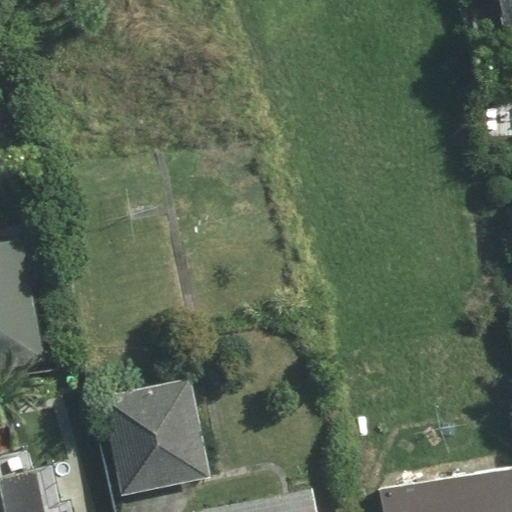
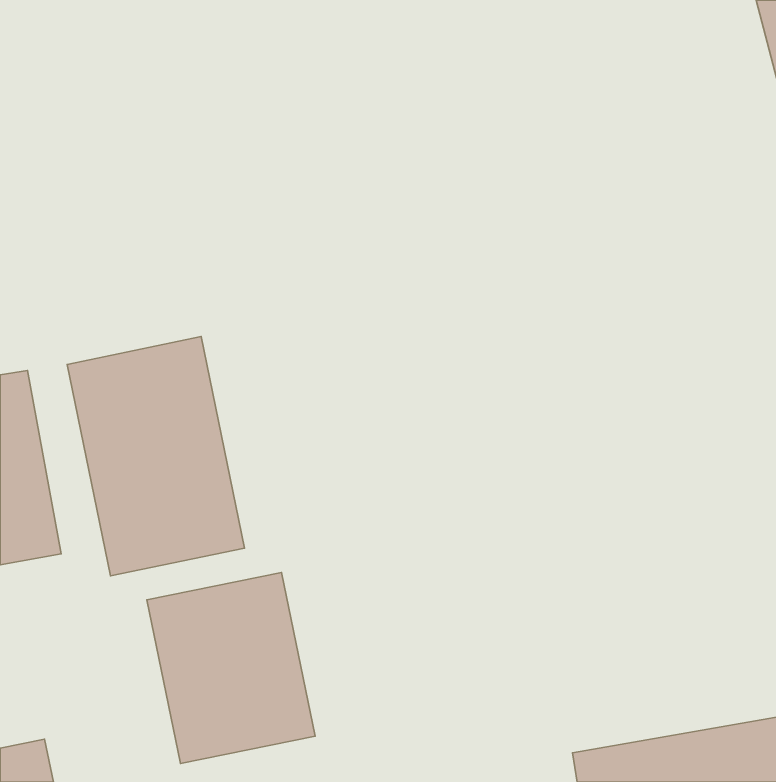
building: none -> [67,337,245,576]

